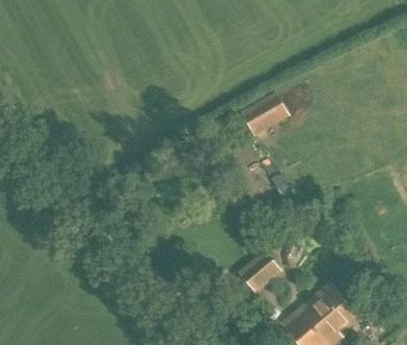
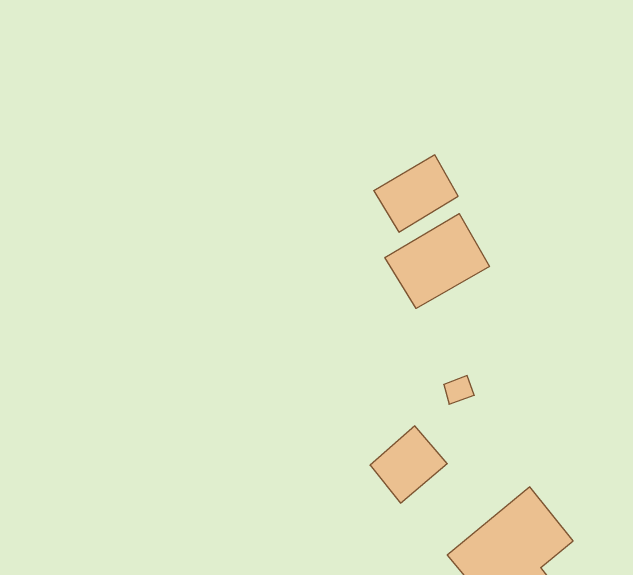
building: none -> [385,214,489,308]

